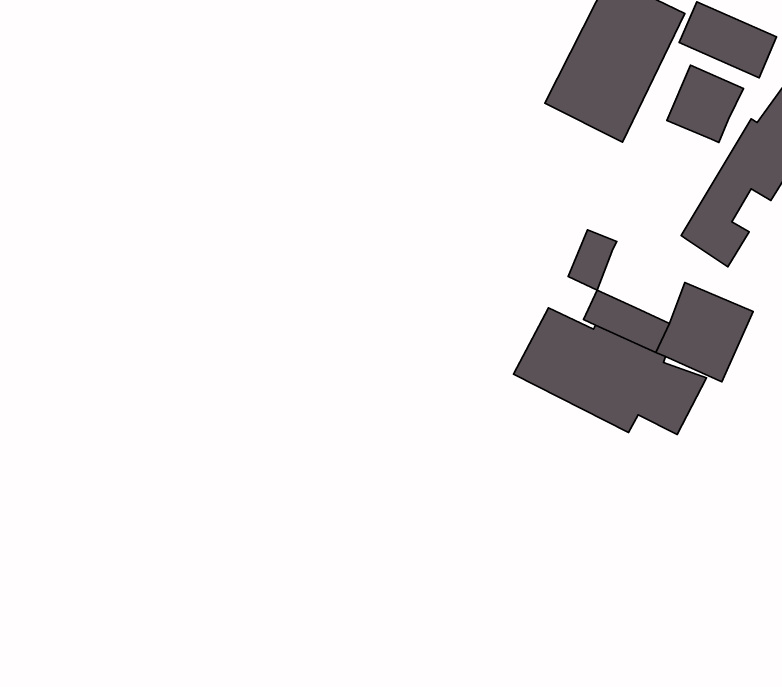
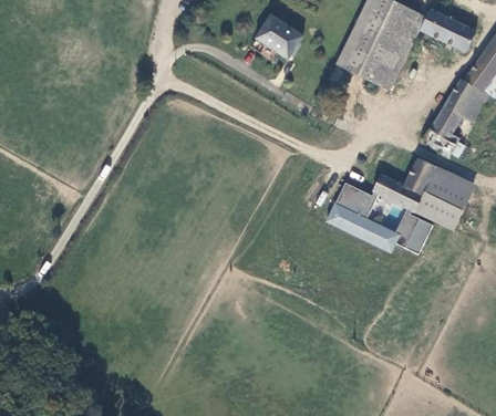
building: none -> [256,13,304,60]
building: [667,65,743,143] -> none
building: [568,230,617,290] -> [397,157,425,191]

